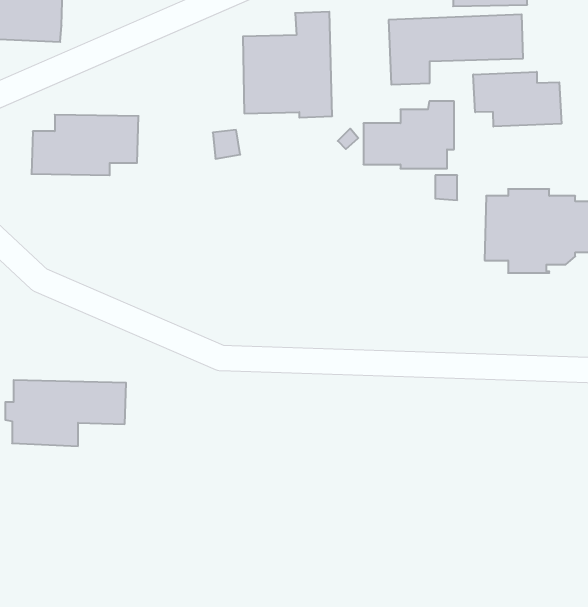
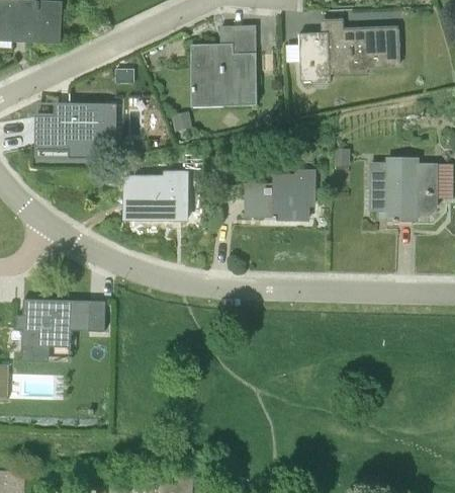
building: [473,72,561,127] -> none
building: [363,101,454,169] -> [246,169,312,219]
building: none -> [124,172,186,219]

